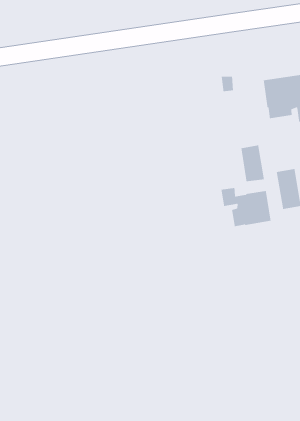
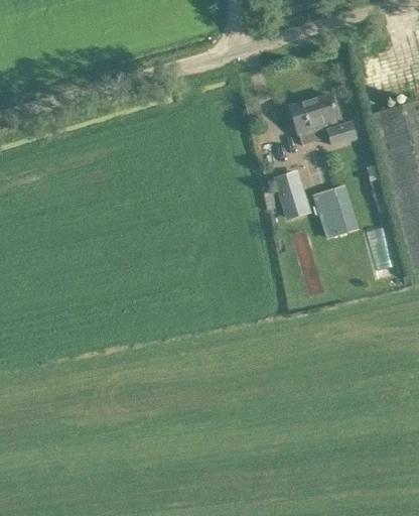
building: [221,187,272,227] -> none

